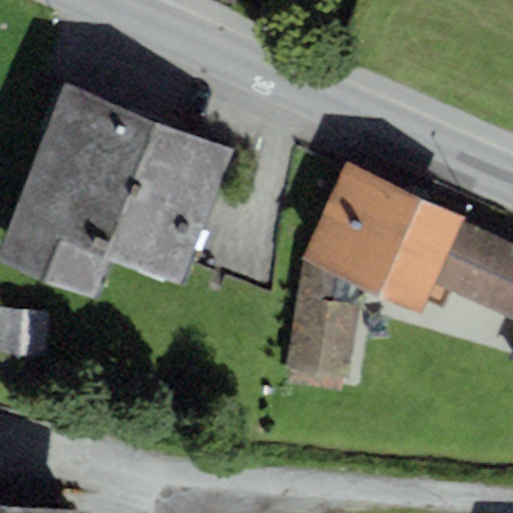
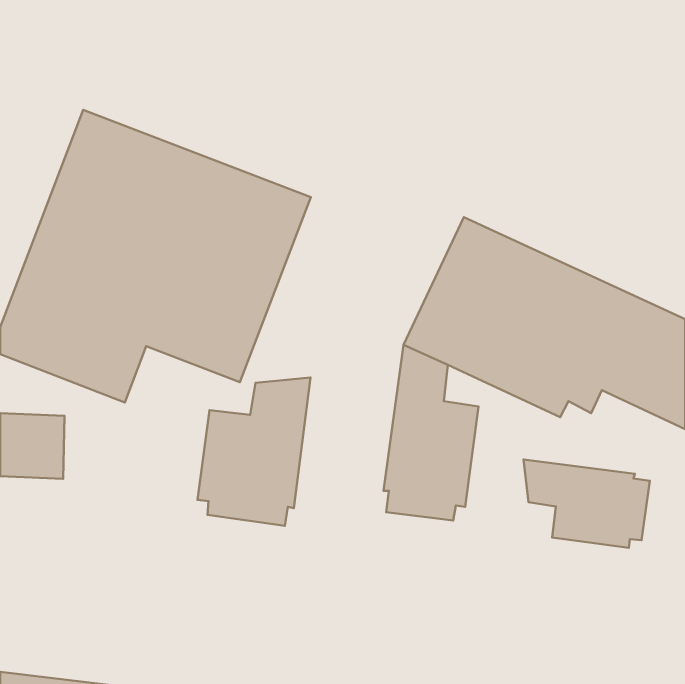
building: none -> [198,377,310,526]
building: none -> [523,460,650,548]

